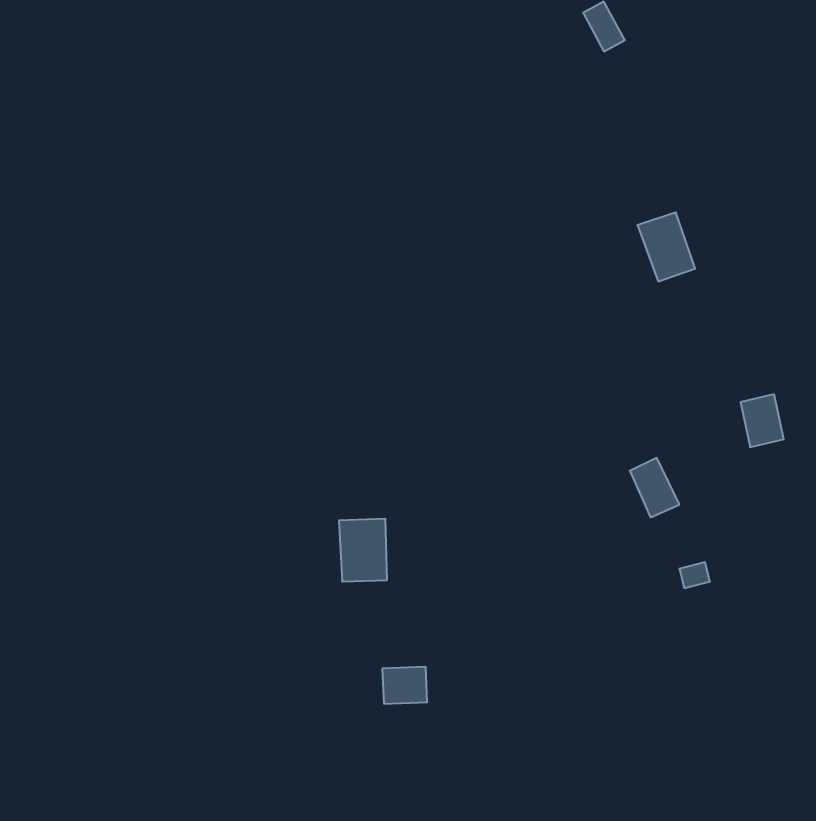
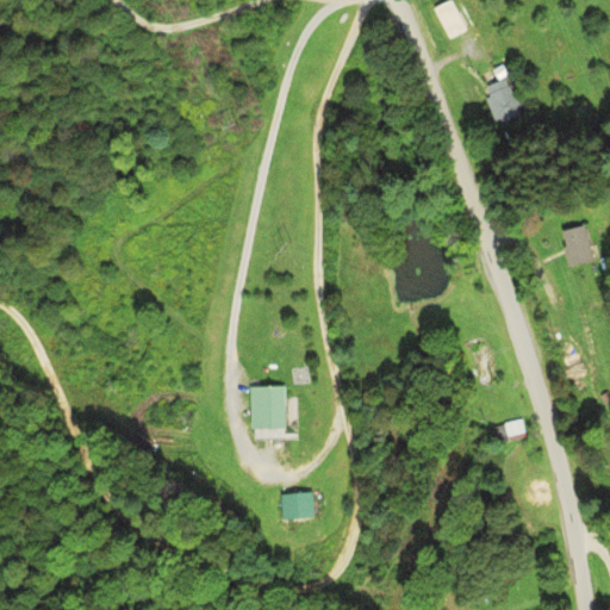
building: [637,212,695,281] -> [483,76,525,127]
building: [740,394,784,447] -> [560,226,592,266]

